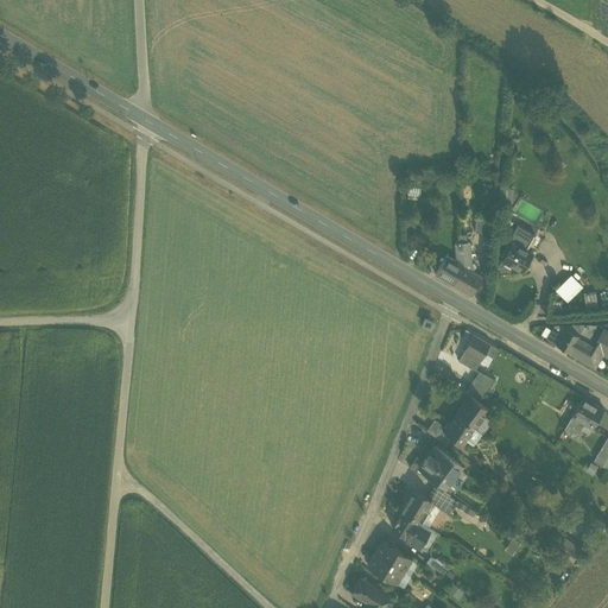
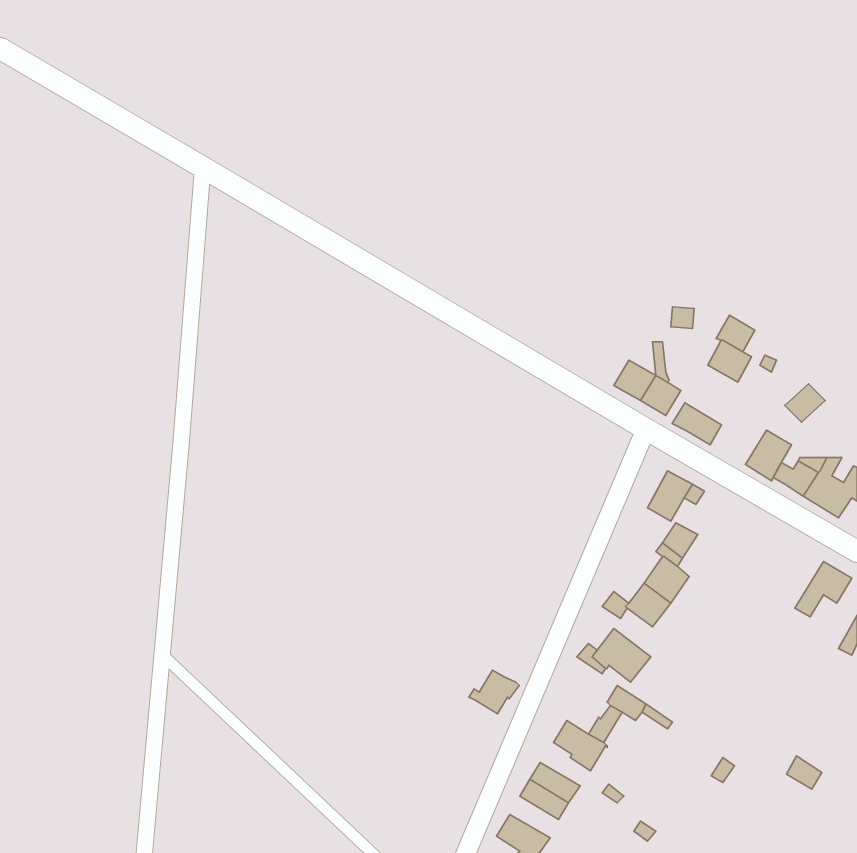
building: none -> [672,403,722,445]
building: none -> [746,430,792,481]
building: [397,492,432,522] -> [469,670,519,714]

